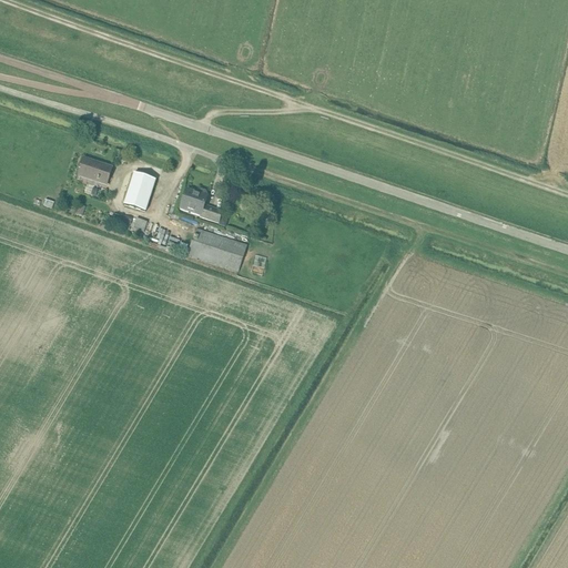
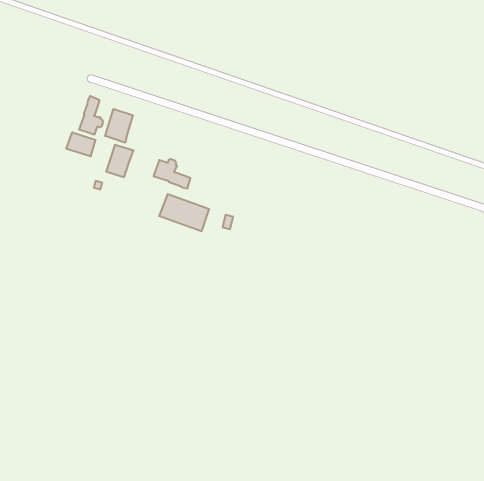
building: none -> [79,96,103,135]
building: none -> [105,109,133,143]

